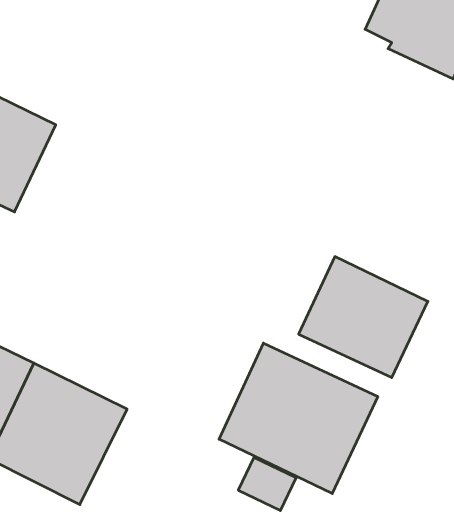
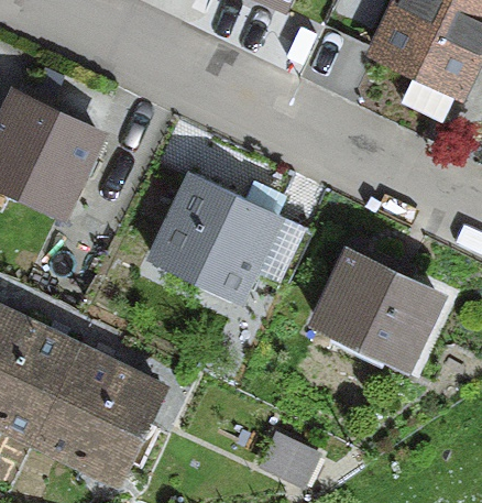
building: none -> [154,178,309,296]
building: [219,343,378,494] -> none

